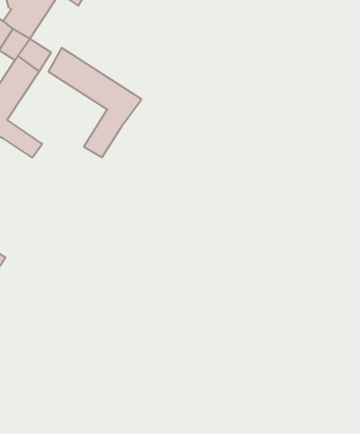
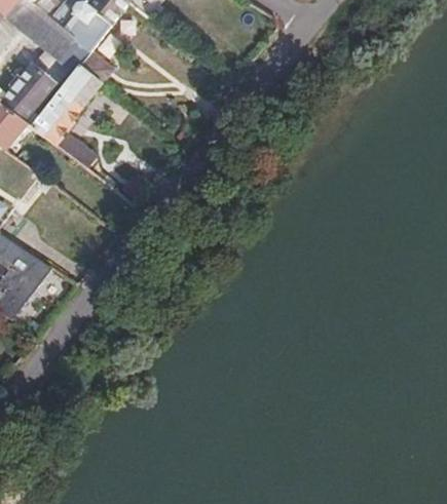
building: [48,48,141,157] -> none

